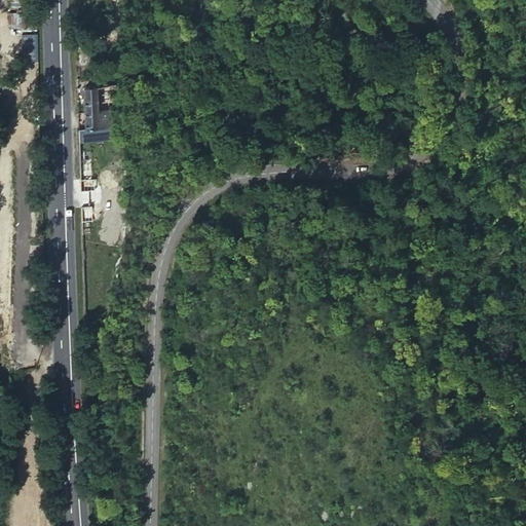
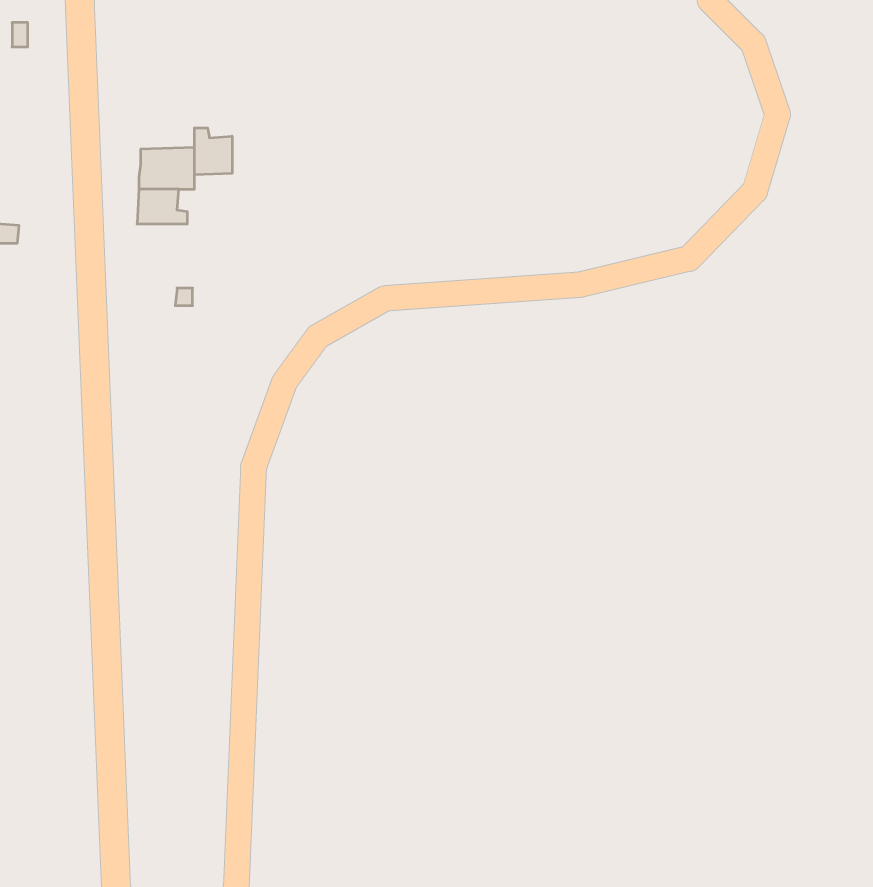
building: none -> [194,128,232,175]

